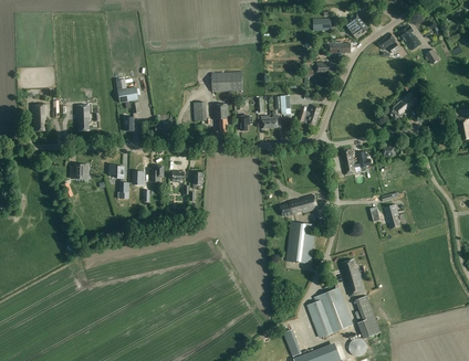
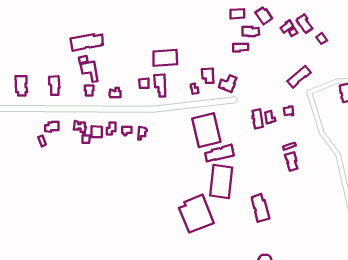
building: none -> [71,34,103,51]
building: none -> [192,113,220,147]
building: [309,287,354,337] -> [179,194,214,233]
building: [356,295,382,338] -> none

